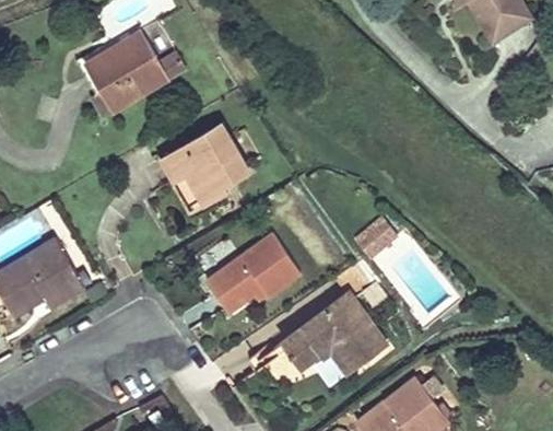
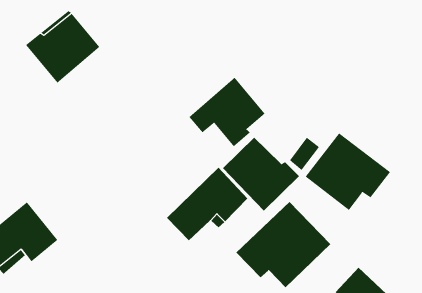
building: [158,124,246,202] -> [189,77,266,147]
building: none -> [222,137,300,211]
building: none -> [305,133,391,211]

